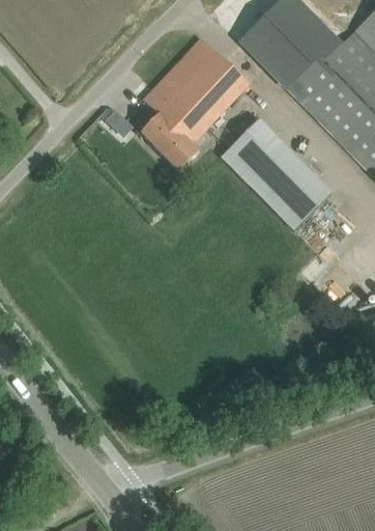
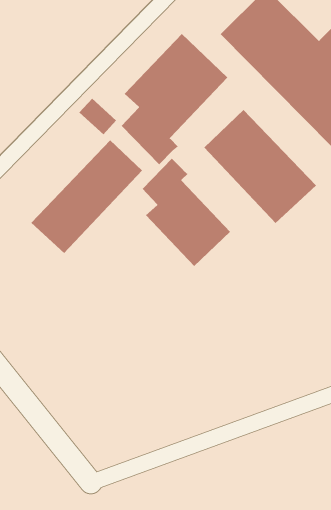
building: none -> [30,140,143,254]
building: none -> [142,158,231,267]

